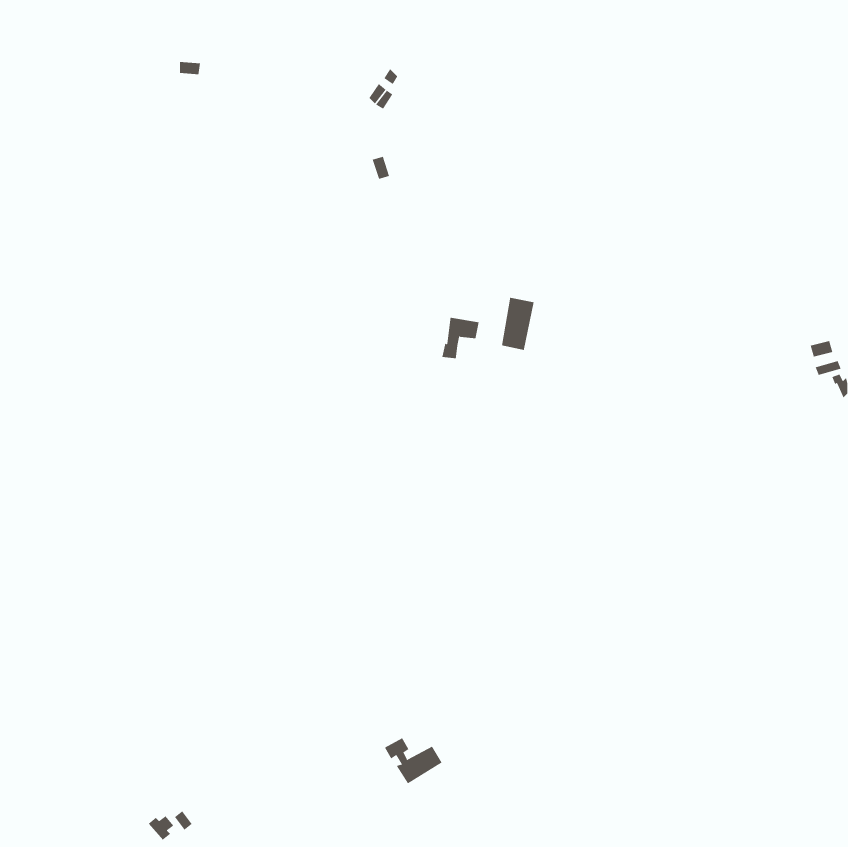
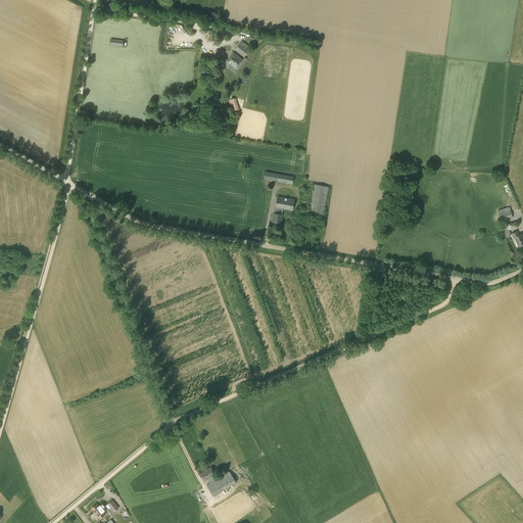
building: [384,738,442,784] -> [200,466,236,494]

